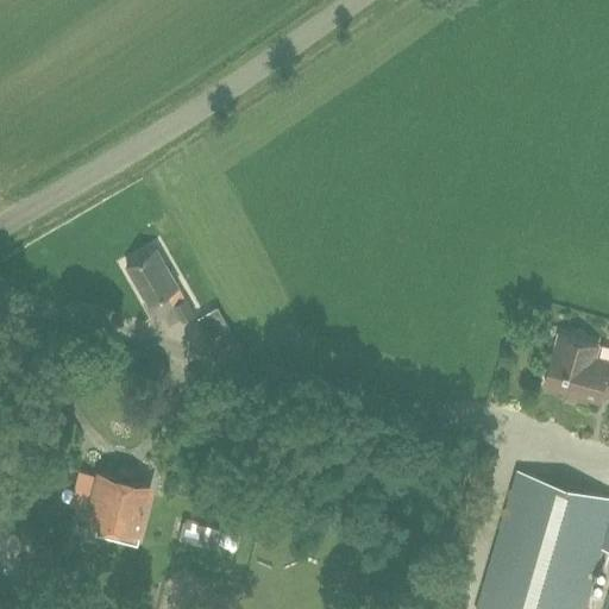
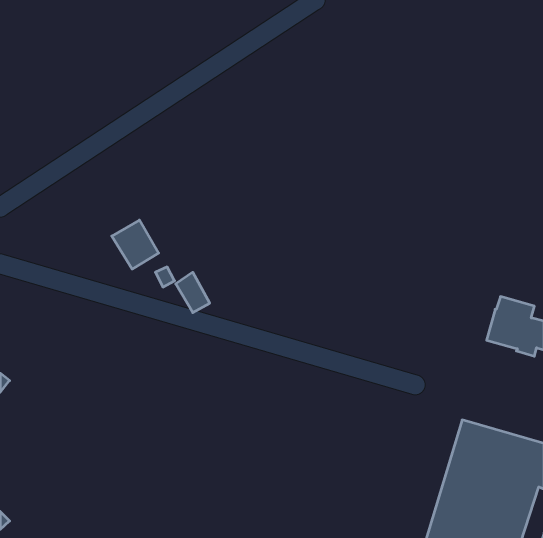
building: [92,470,152,540] -> none

